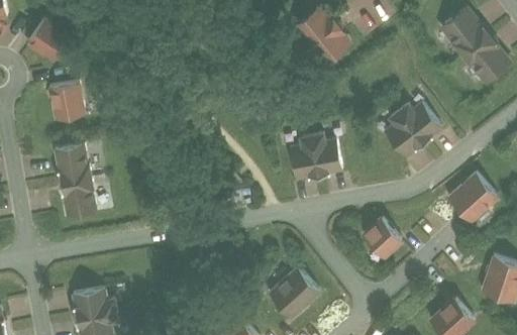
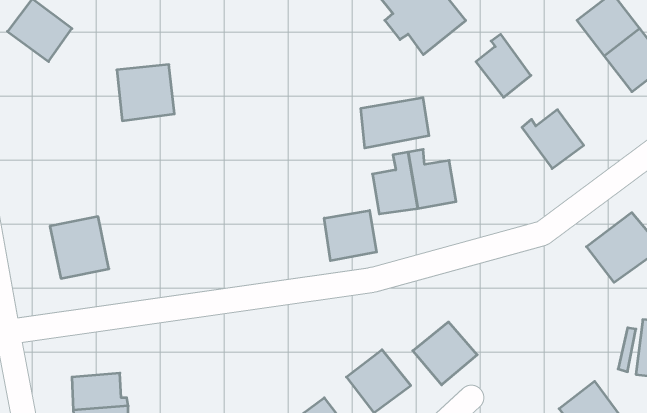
building: [41,83,84,124] -> [117,65,174,121]
building: none -> [361,98,429,148]
building: [384,112,424,158] -> [476,34,531,97]
building: [46,139,90,185] -> none
building: none -> [324,210,377,261]
building: [359,217,407,263] -> [413,322,477,385]

